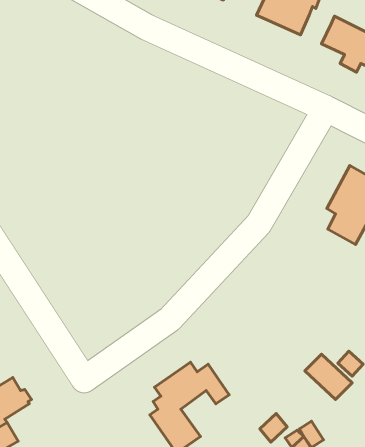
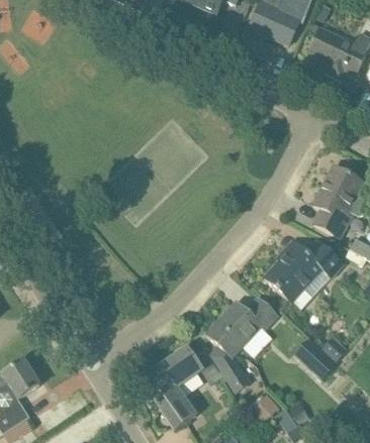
building: none -> [264,239,343,307]
building: none -> [205,296,277,393]

